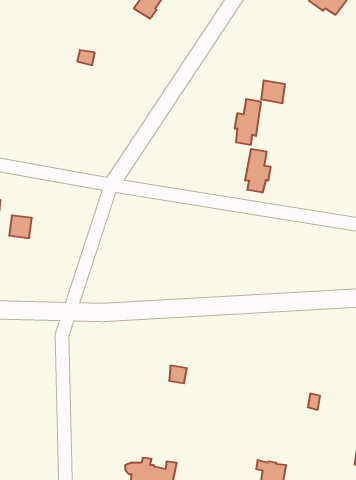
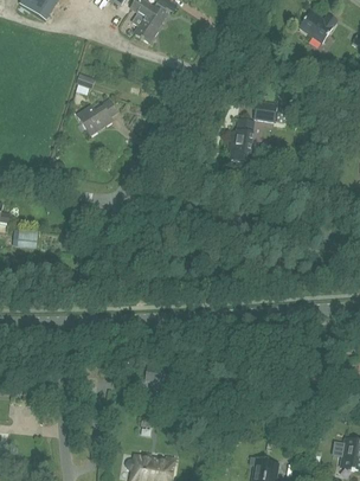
building: none -> [75,98,116,136]
building: [245,149,271,193] -> none

